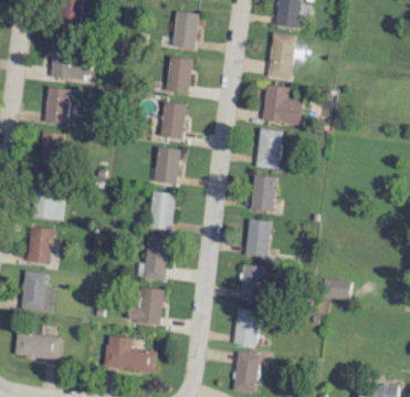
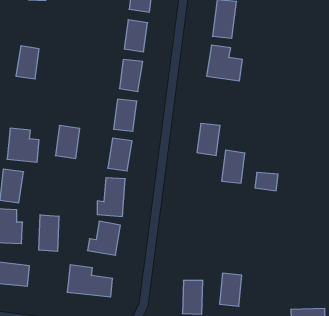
building: [51,42,92,80] -> none
building: [256,128,284,168] -> none
building: [38,132,65,169] -> [55,126,80,158]
building: [245,219,272,257] -> [222,150,245,183]
building: [240,265,263,301] -> none
building: none -> [39,215,59,251]
building: [324,280,350,301] -> [255,172,278,191]
building: [233,309,259,346] -> [220,273,242,306]

